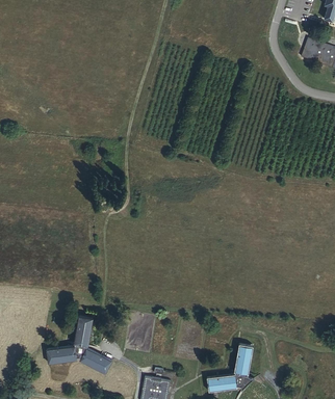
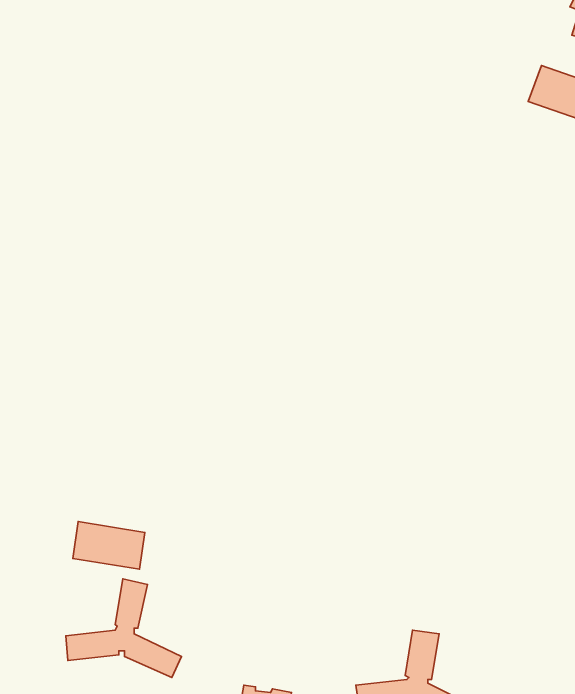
building: none -> [73,521,145,569]

